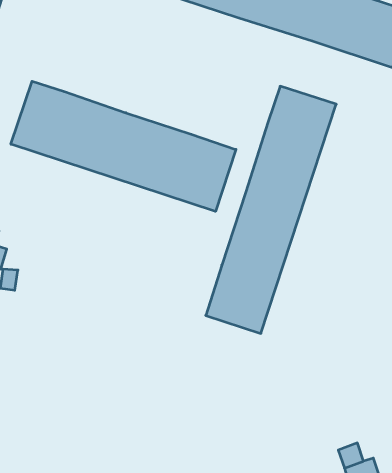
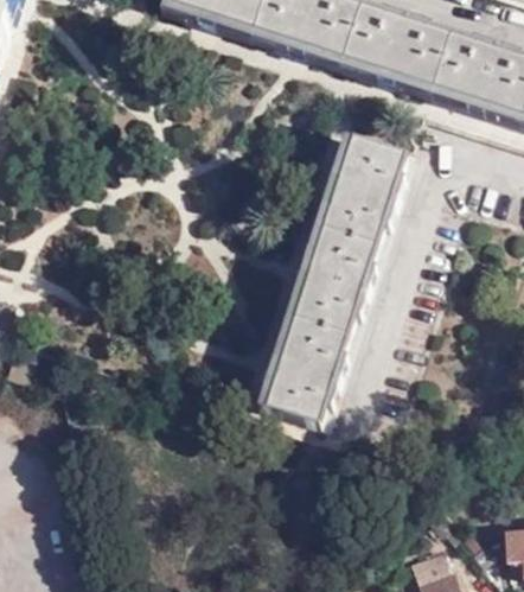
building: [11,81,236,211] -> none

